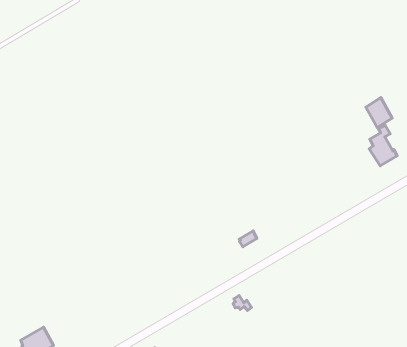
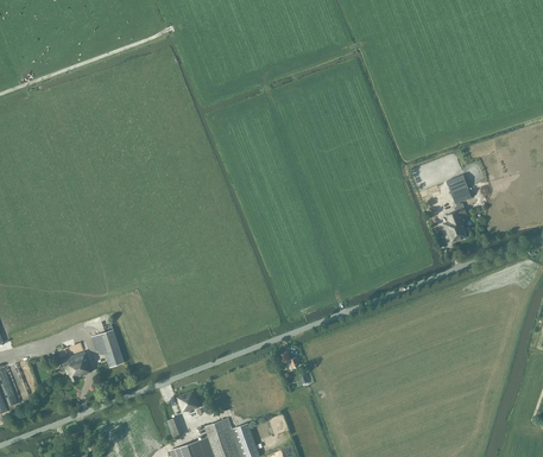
building: none -> [91,329,125,368]

